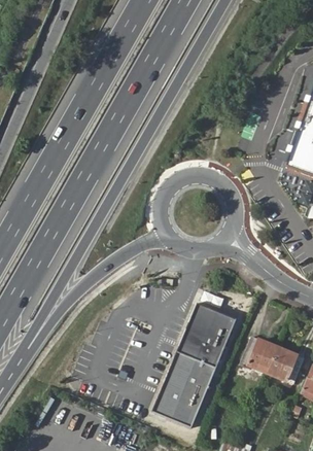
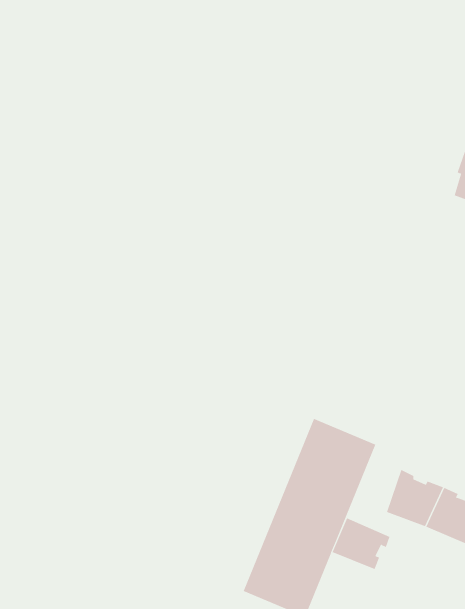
building: none -> [332,517,390,570]

